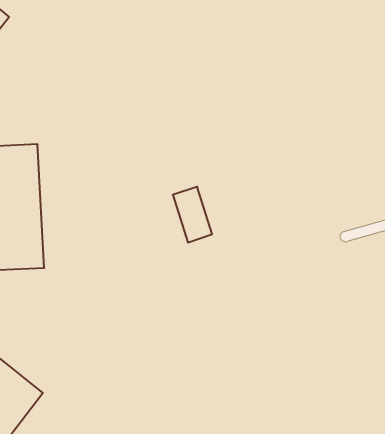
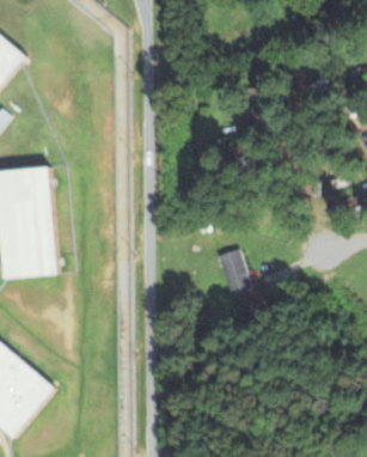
building: [173,187,212,242] -> [218,248,252,297]

